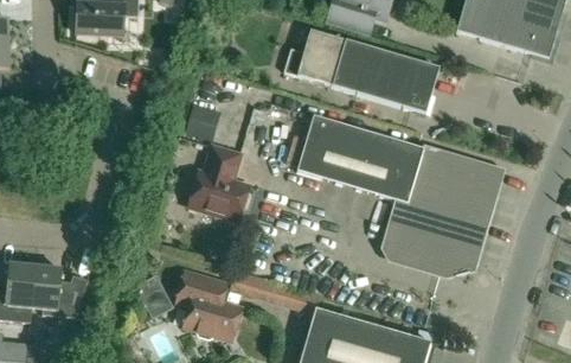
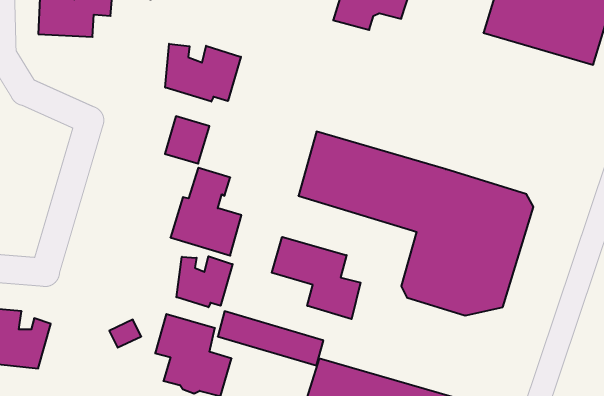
building: [283,28,440,113] -> none
building: none -> [165,44,241,102]
building: none -> [272,237,361,319]
building: none -> [176,256,233,307]

